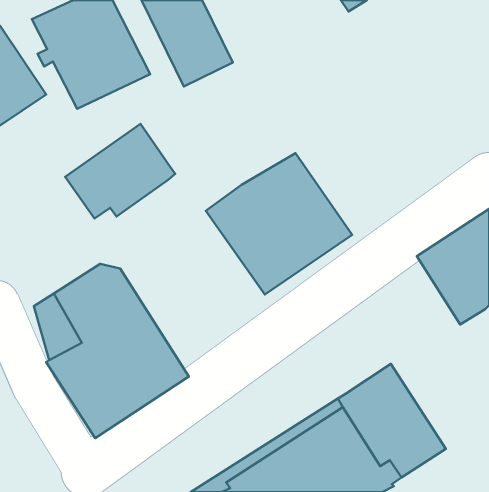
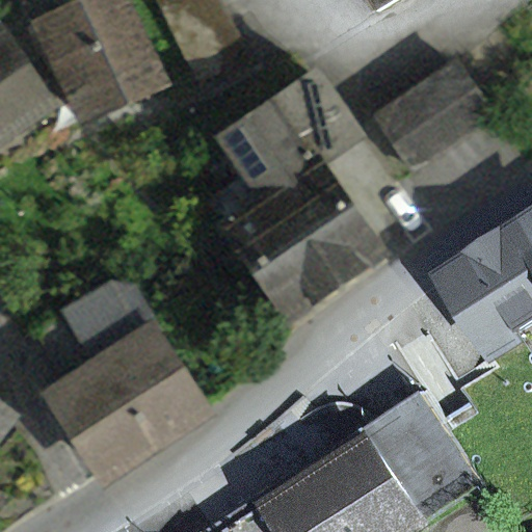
building: none -> [375,64,487,168]
building: none -> [211,74,353,224]
building: [65,124,175,219] -> none

